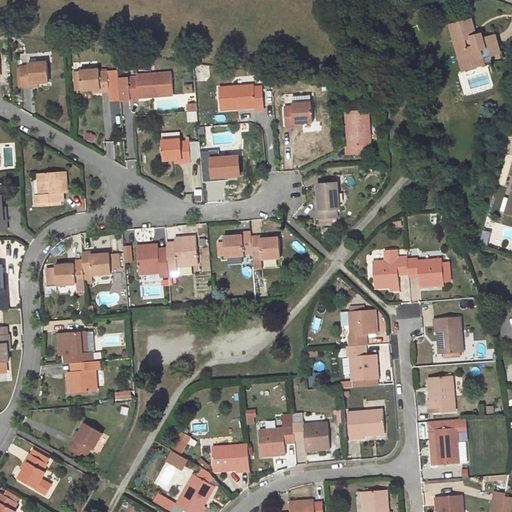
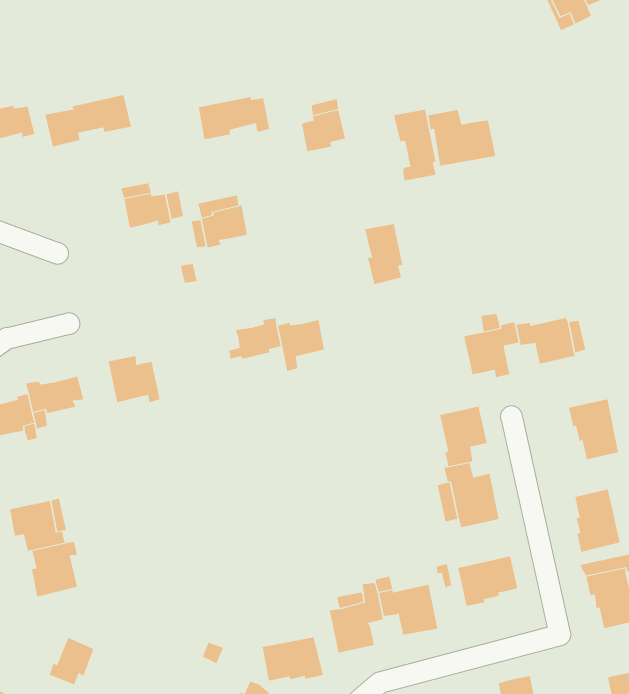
building: none -> [428,109,496,167]
building: [165,237,198,285] -> none

